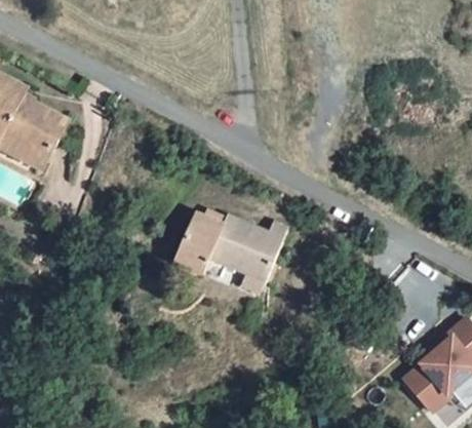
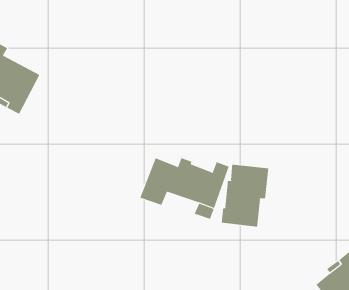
building: none -> [221,164,269,227]

